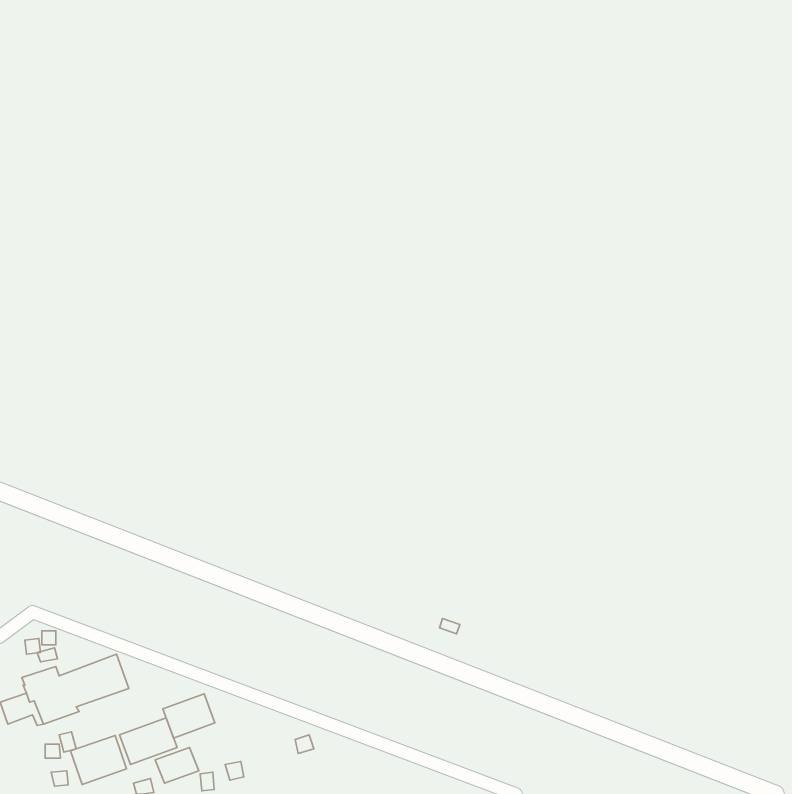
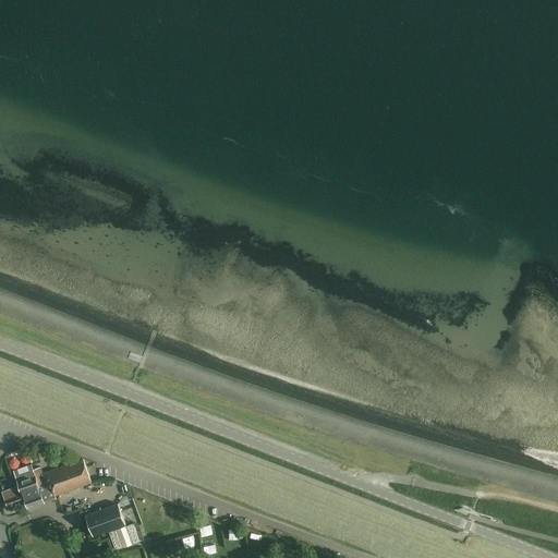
building: [163,694,215,738] -> none
building: [70,735,127,784] -> none

